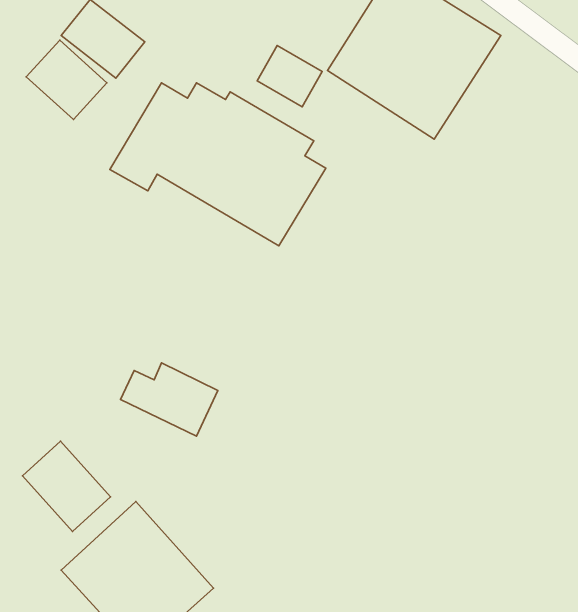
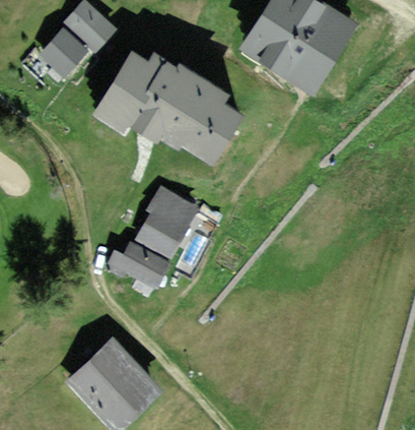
building: [257,45,322,107] -> none
building: none -> [135,185,199,259]
building: [23,441,111,532] -> none

